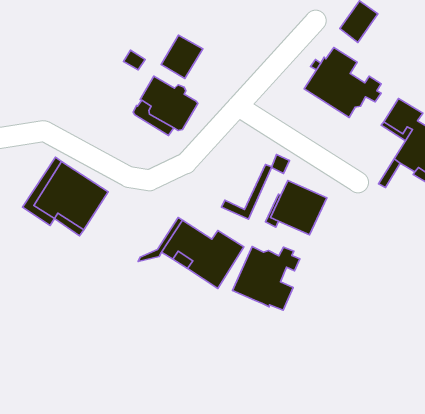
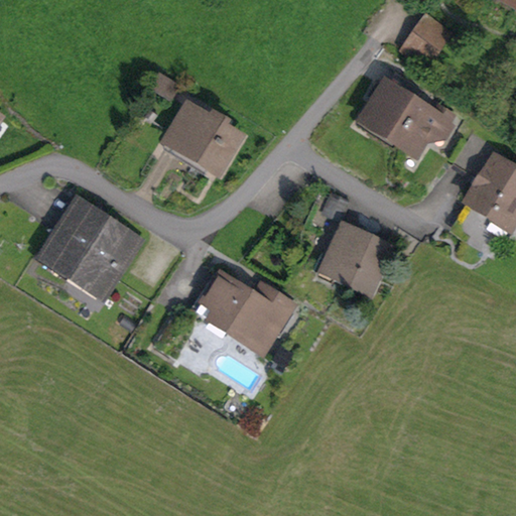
building: [161,35,203,78] -> none
building: [222,164,272,219] -> none
building: [233,247,300,310] -> none

